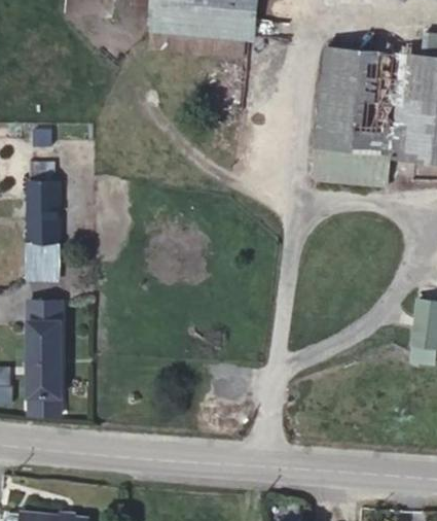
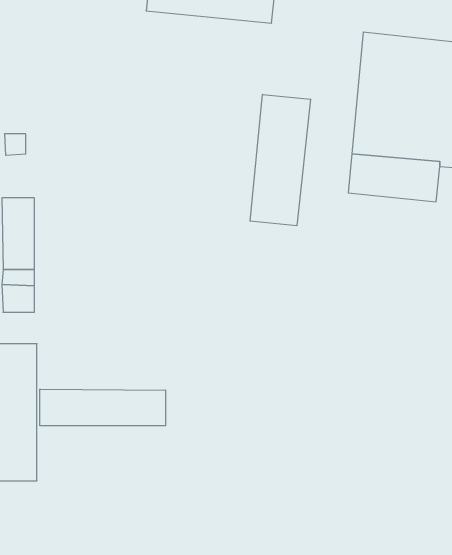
building: none -> [250,94,310,226]
building: none -> [40,389,165,426]

